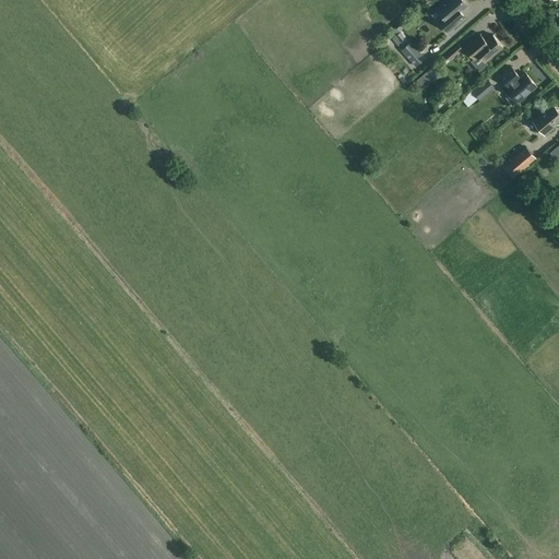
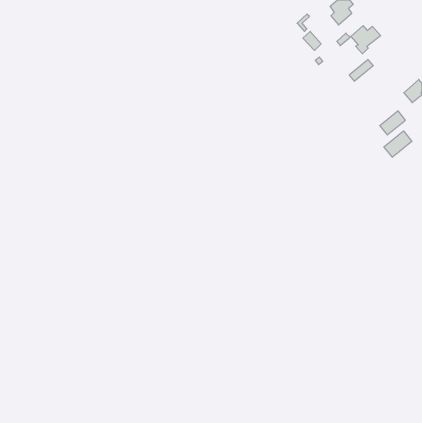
building: [499,67,536,105] -> none
building: none -> [384,131,412,157]

